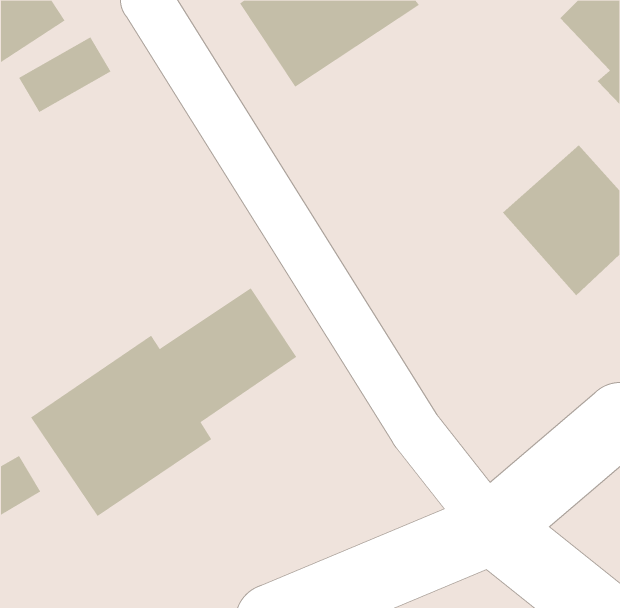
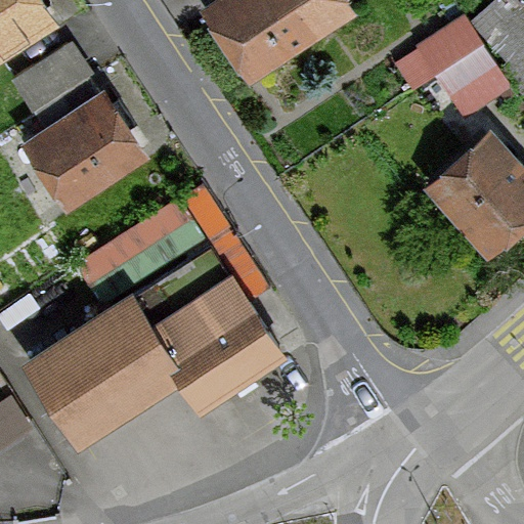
building: none -> [395,20,509,124]
building: none -> [20,91,146,213]
building: none -> [170,311,283,414]

